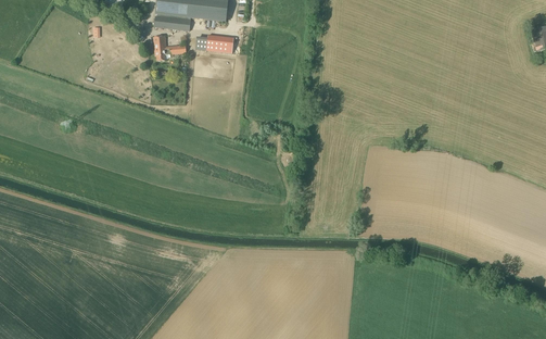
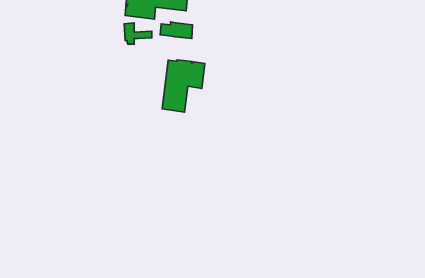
building: none -> [162,60,205,112]

